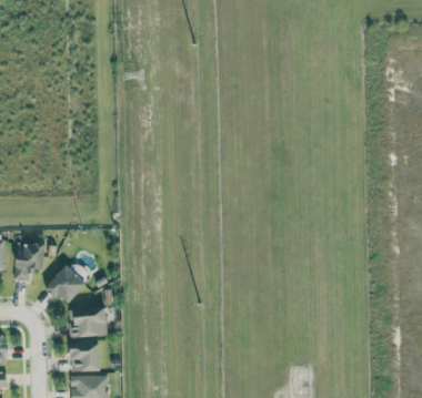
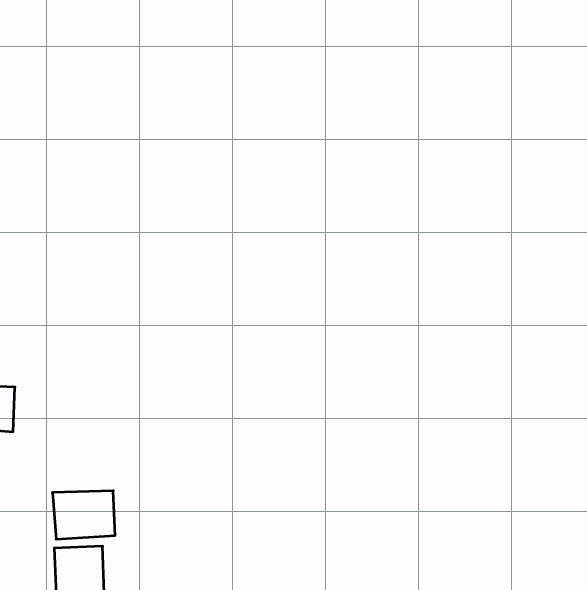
building: [43,265,87,303] -> none

